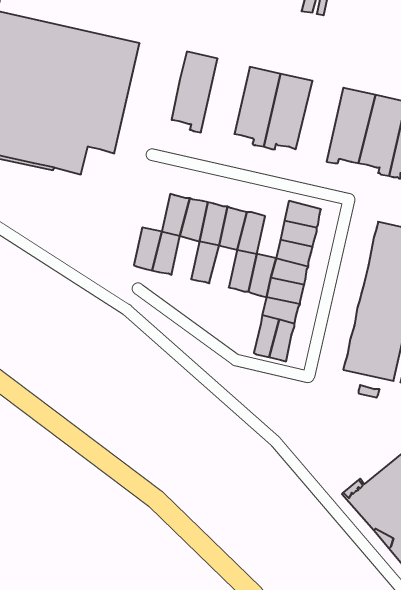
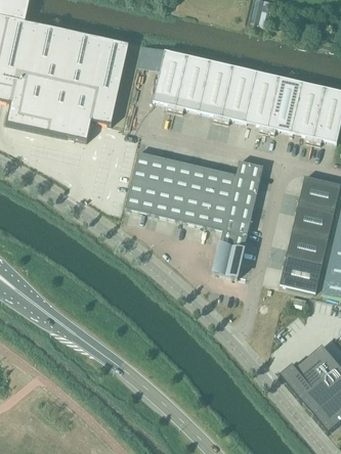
building: none -> [137,43,164,71]
building: none -> [174,55,210,111]
building: none -> [244,72,279,131]
building: none -> [131,151,152,182]
building: none -> [215,171,236,201]
building: none -> [153,185,173,217]
building: none -> [180,192,201,223]

